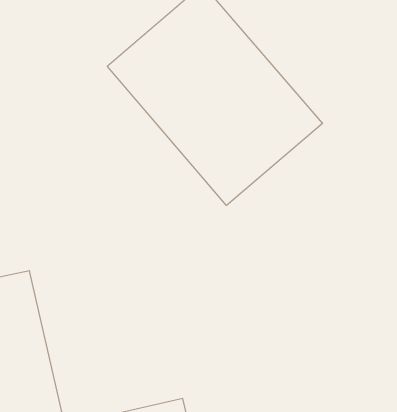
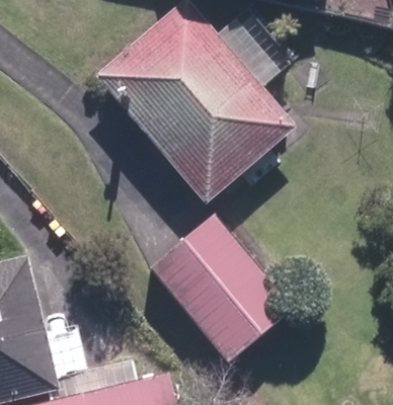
building: none -> [152,216,292,359]

